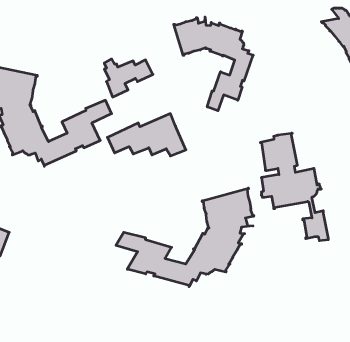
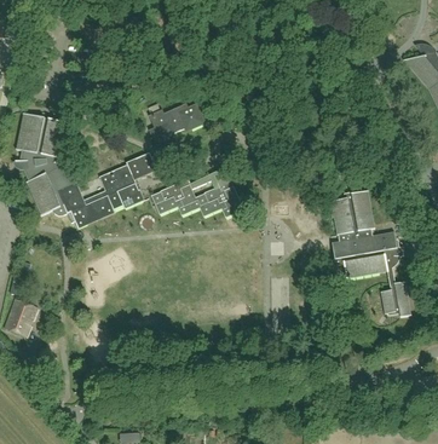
building: [174,17,253,111] -> none
building: [116,188,254,287] -> none

